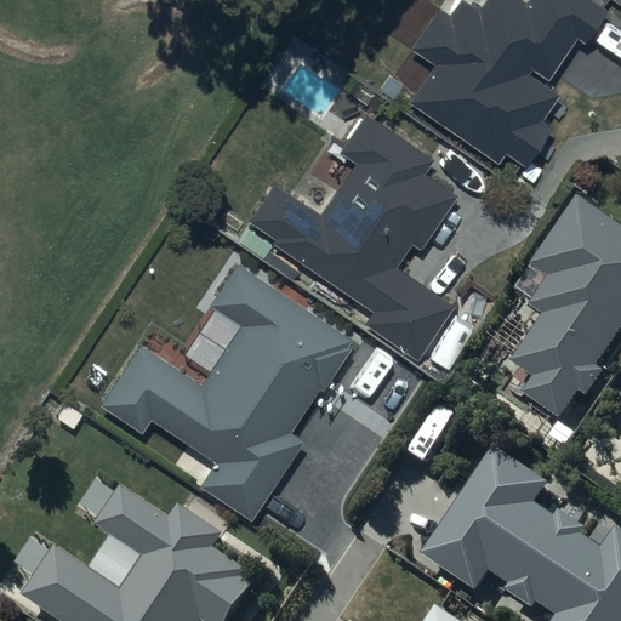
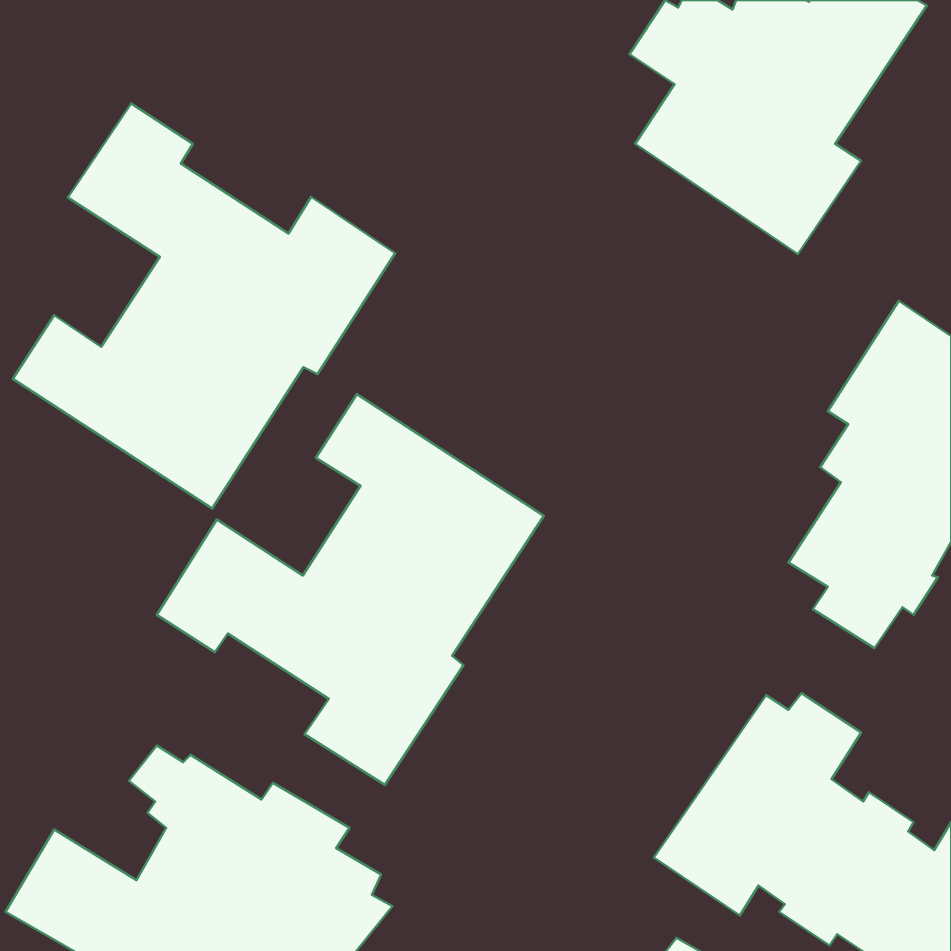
building: none -> [13,104,395,508]
building: [247,113,457,354] -> none

